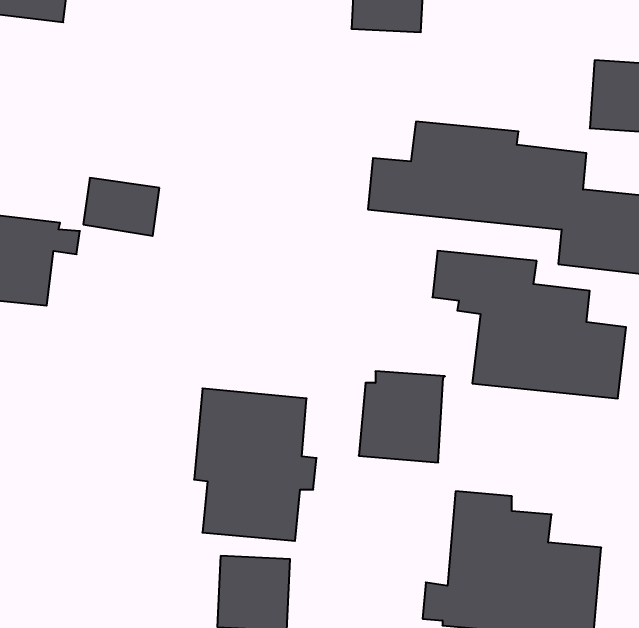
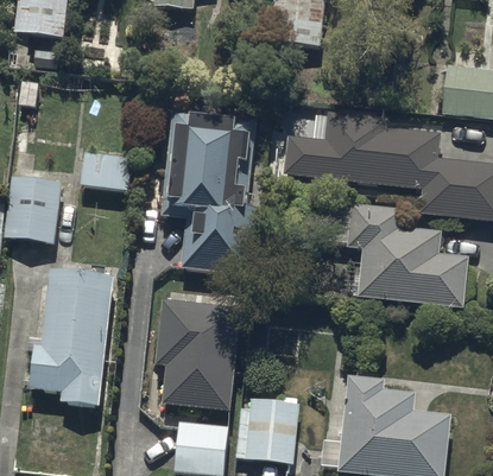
building: none -> [162,107,258,274]
building: none -> [31,269,110,405]
building: [359,371,445,462] -> [236,398,298,463]

